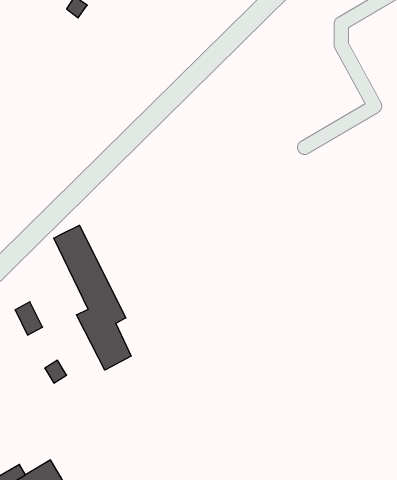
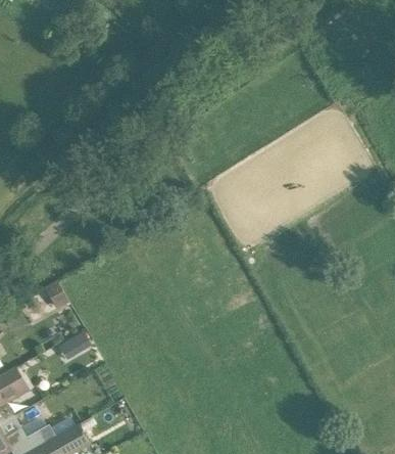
building: [54,225,131,370] -> none

